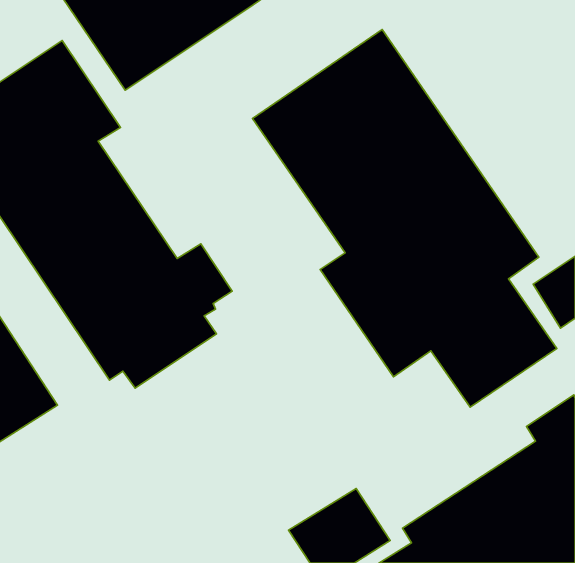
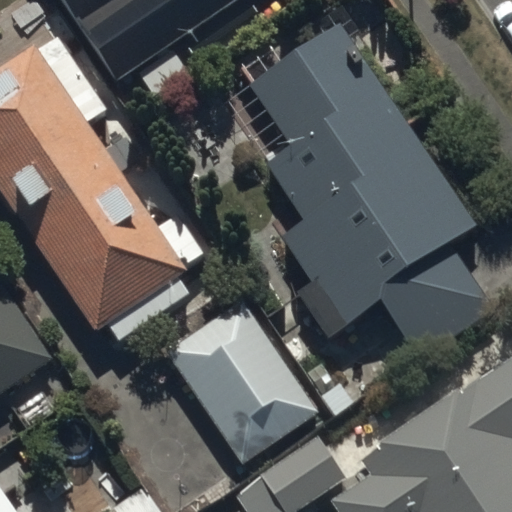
building: none -> [166,299,320,465]

